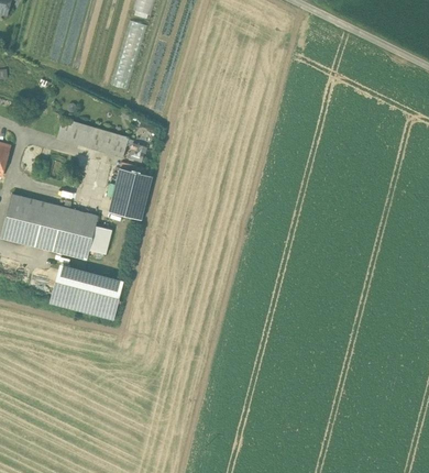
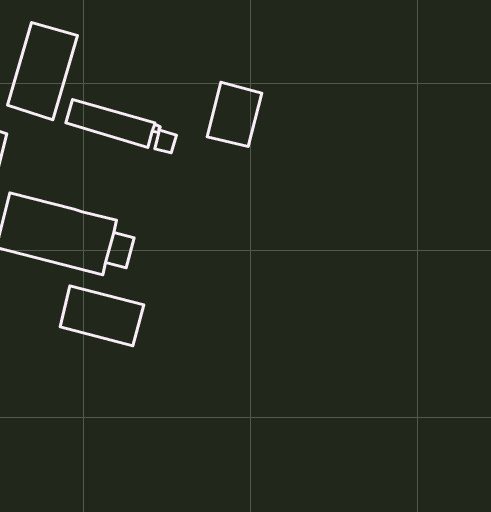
building: none -> [7,22,78,120]
building: [109,167,153,219] -> [207,82,262,146]

